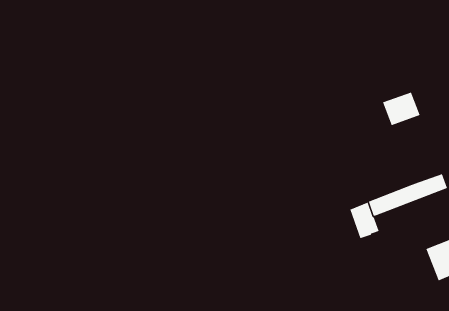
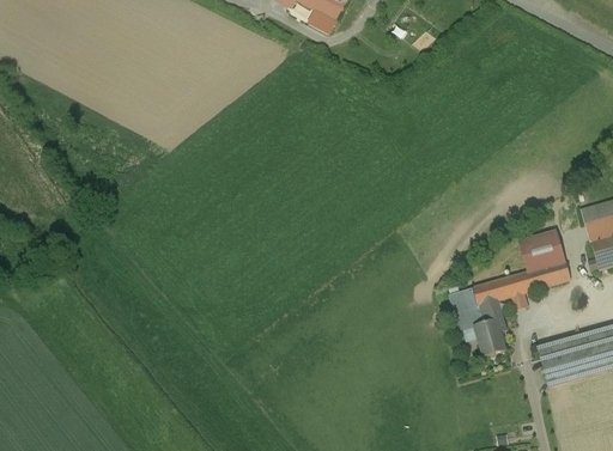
building: [382,92,421,126] -> [520,231,564,269]
building: none -> [474,299,505,355]

